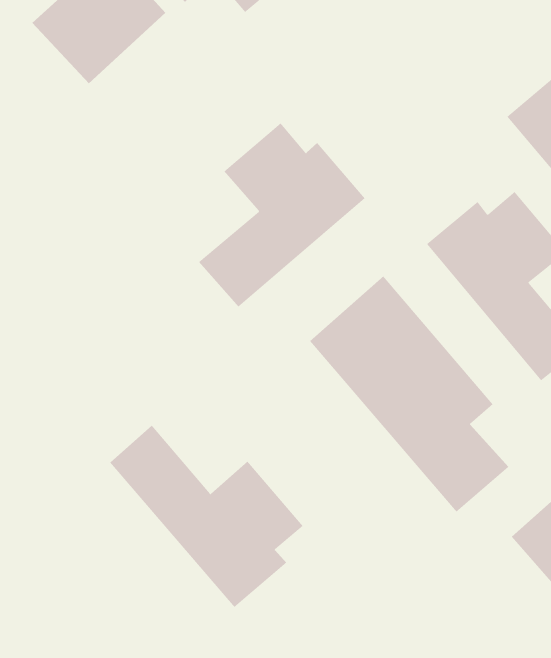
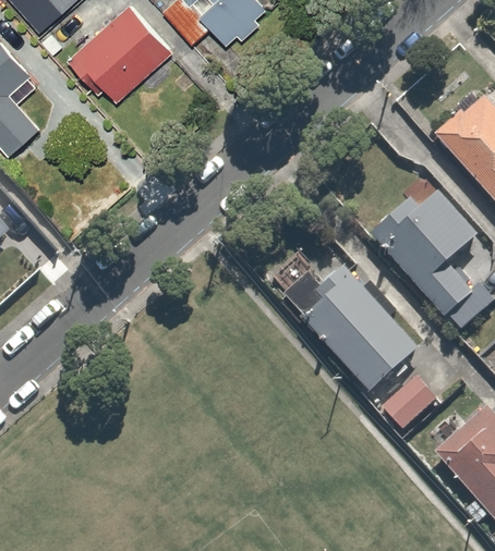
building: [198,123,366,307] -> none
building: [110,425,303,608] -> none

